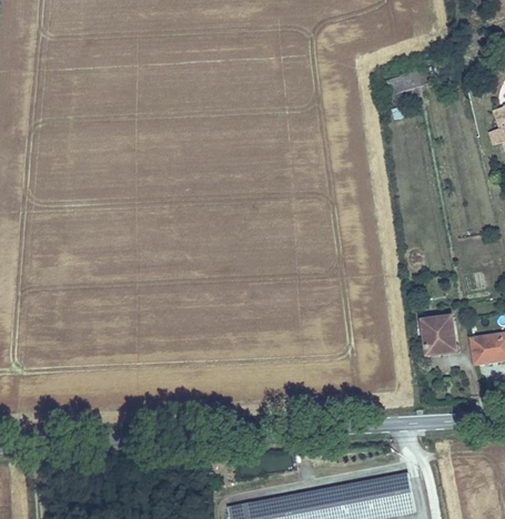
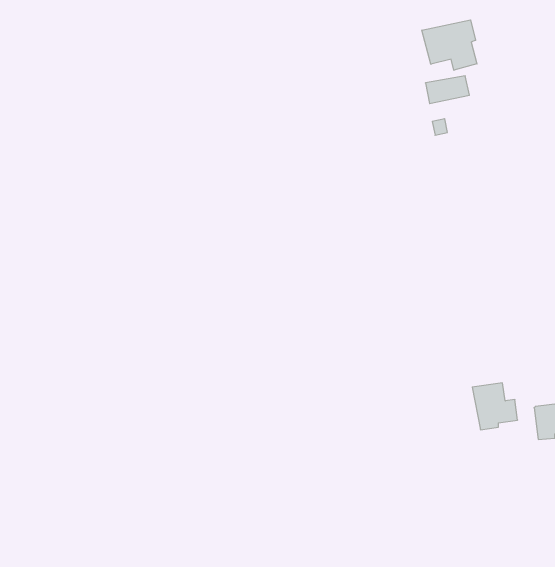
building: none -> [422,20,477,70]

